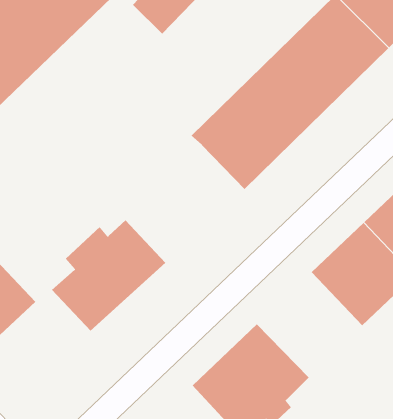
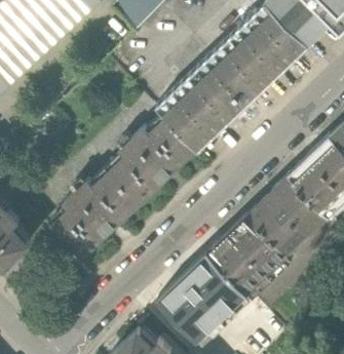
building: none -> [108,116,198,205]
building: none -> [207,212,288,292]

